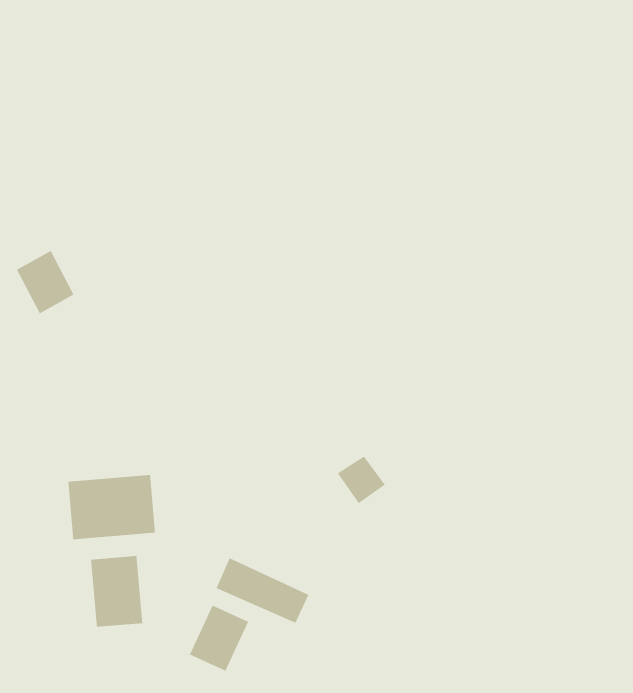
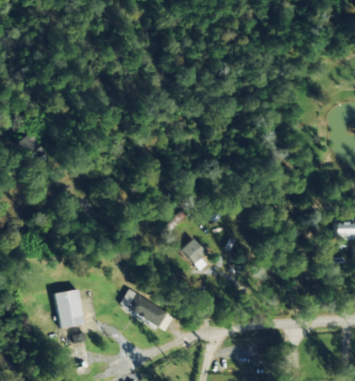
building: [67,474,156,540] -> none
building: [189,604,249,672] -> none

